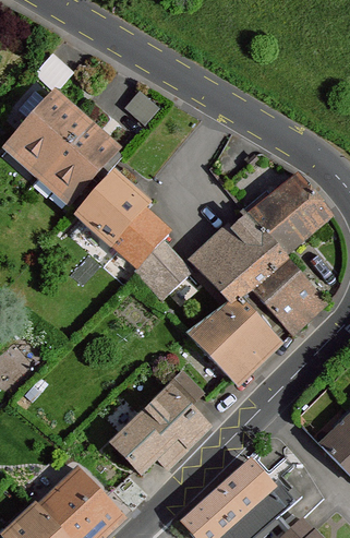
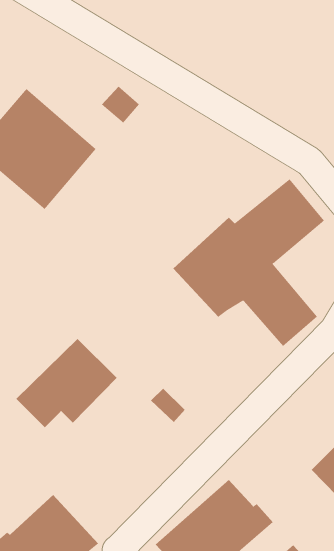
building: [76,171,191,296] -> none
building: [190,299,280,383] -> none
building: [111,385,206,469] -> [15,338,117,428]

